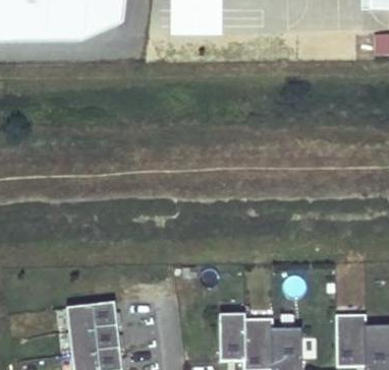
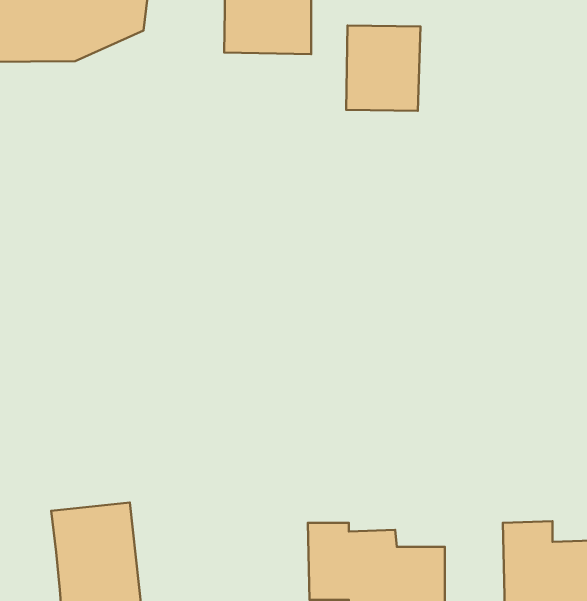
building: none -> [346,25,421,111]

